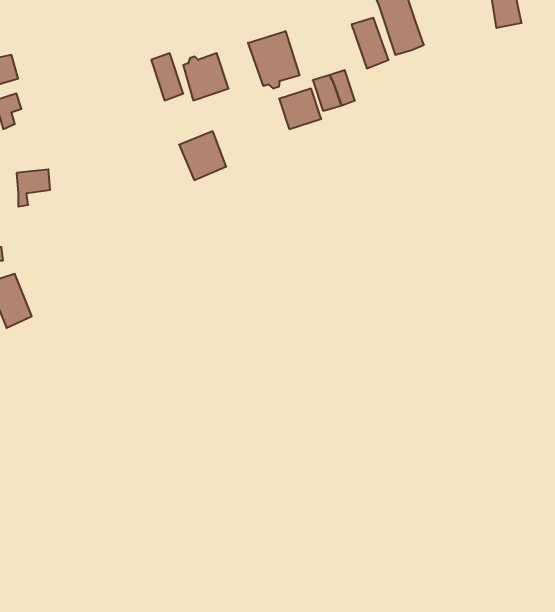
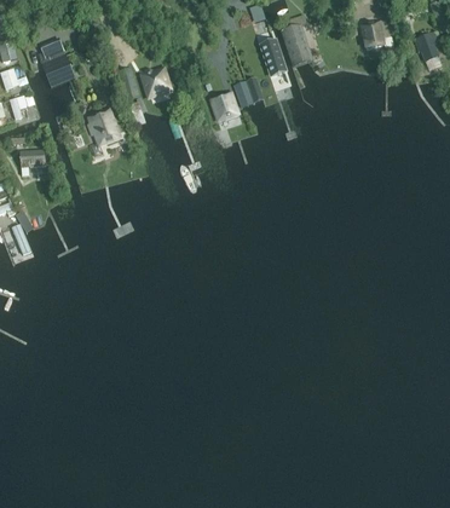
building: none -> [38,40,75,87]
building: [248,31,299,89] -> none
building: [179,131,226,180] -> [86,110,120,145]

